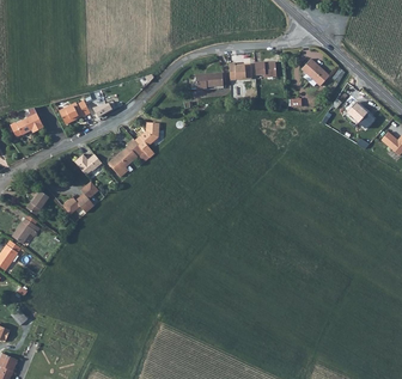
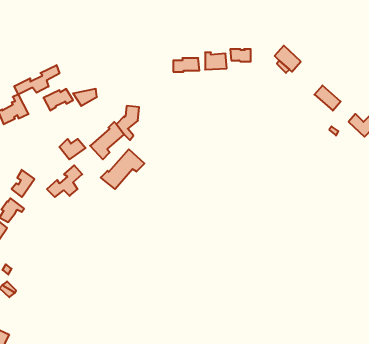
building: none -> [14,65,59,95]
building: none -> [101,149,144,189]

